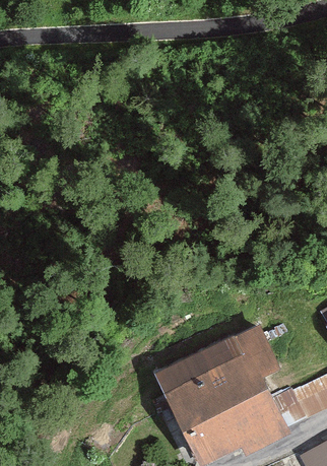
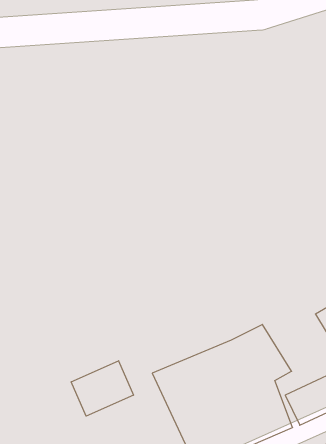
building: none -> [71,361,133,416]

